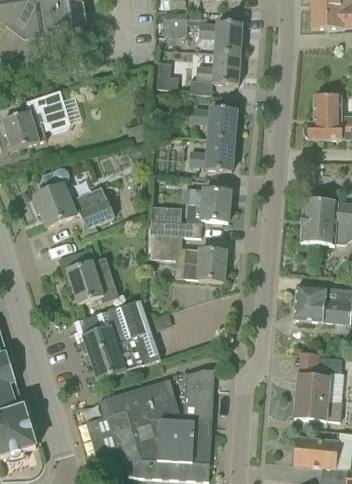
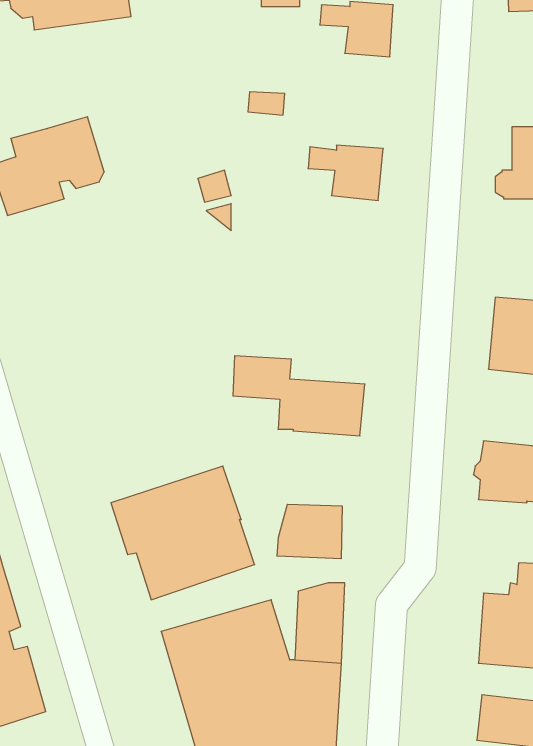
building: [195,52,241,84] -> none
building: [188,137,234,170] -> none
building: [34,167,114,227] -> none
building: [148,187,230,237] -> none
building: [58,247,119,304] -> none
building: none -> [277,504,342,559]

